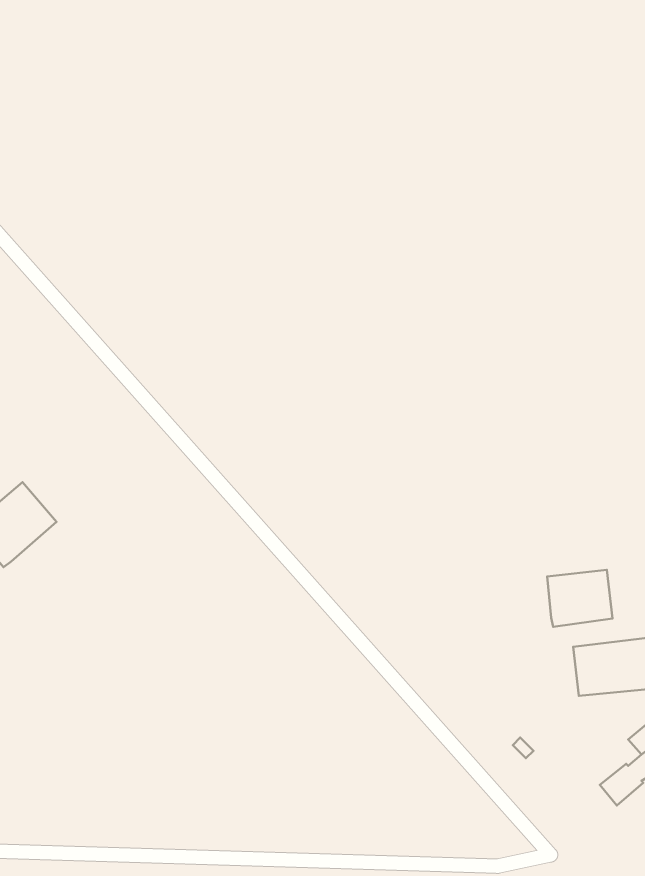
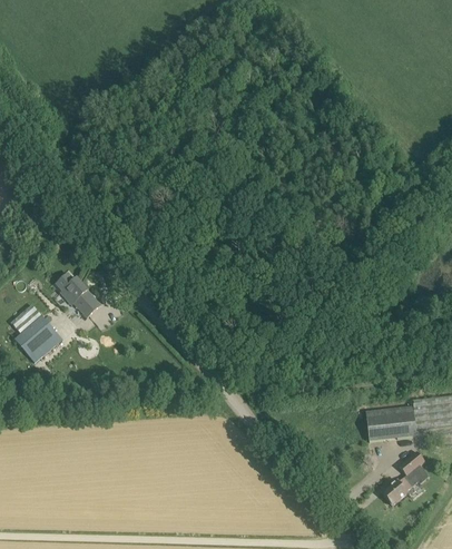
building: none -> [65,276,94,310]
building: [547,570,612,627] -> none

